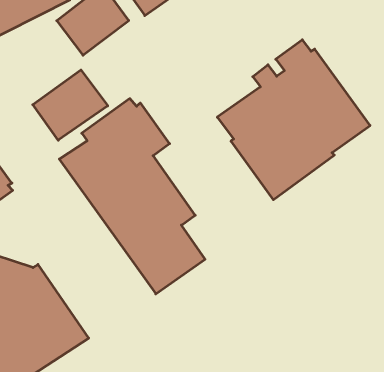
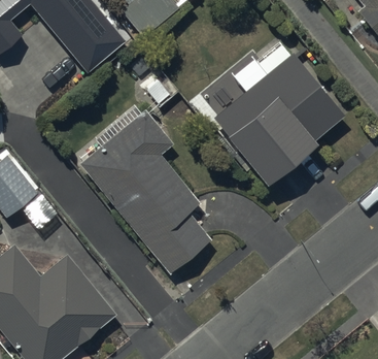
building: [33,70,108,140] -> none

